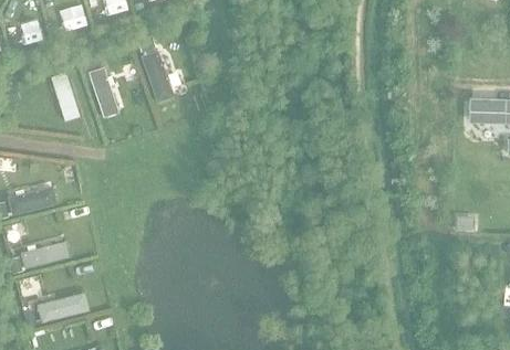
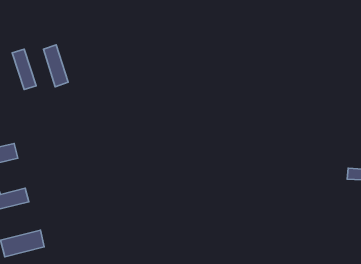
building: [140,50,174,102] -> none

